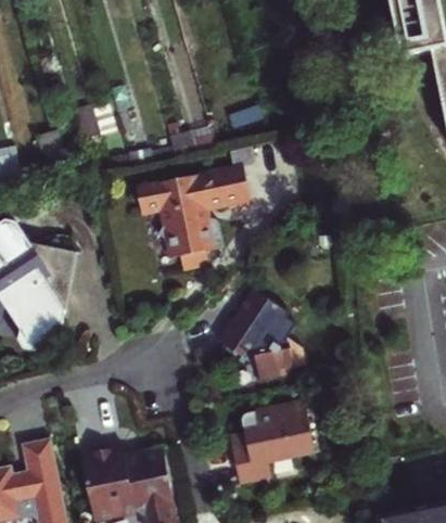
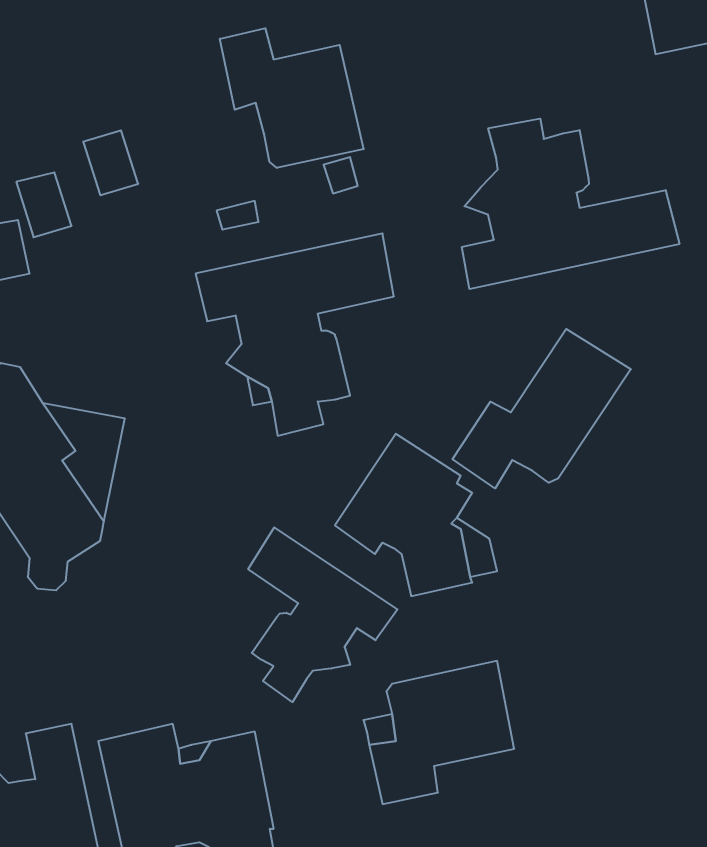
building: none -> [220,28,364,168]
building: none -> [462,119,679,289]
building: none -> [453,329,631,488]
building: none -> [248,527,397,702]

